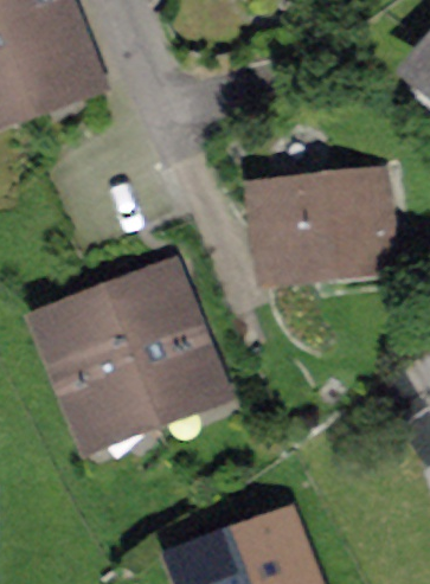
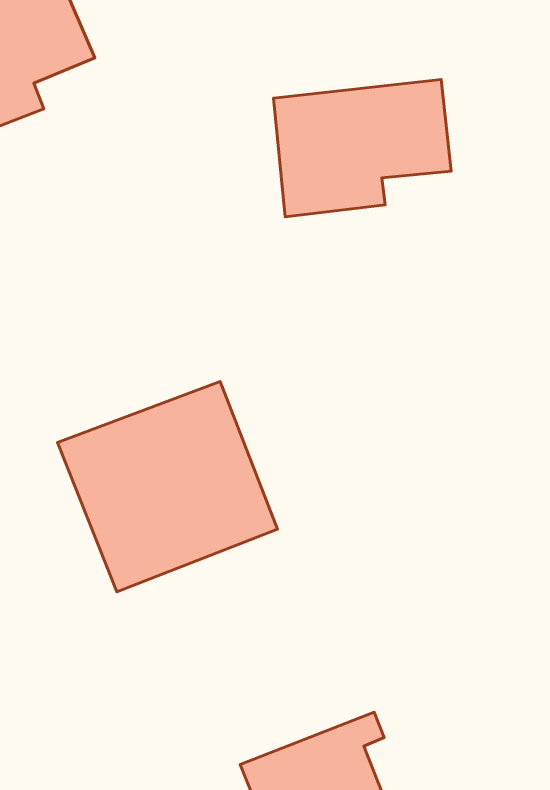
building: [267,179,391,275] -> [273,80,451,217]

